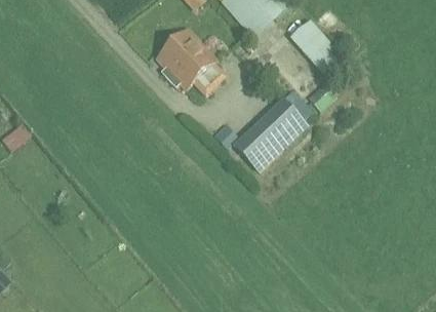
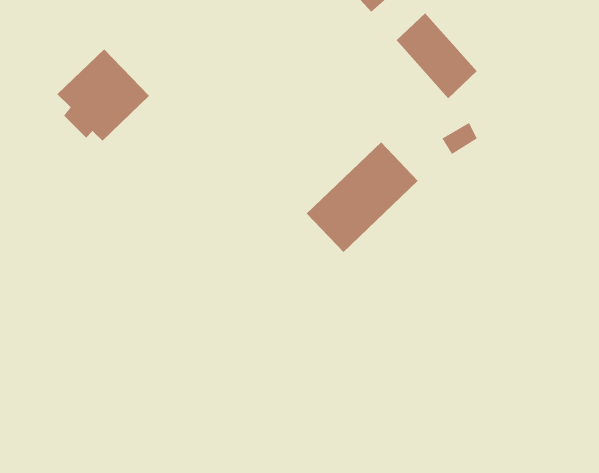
building: [156,29,214,87] -> [57,48,150,142]

